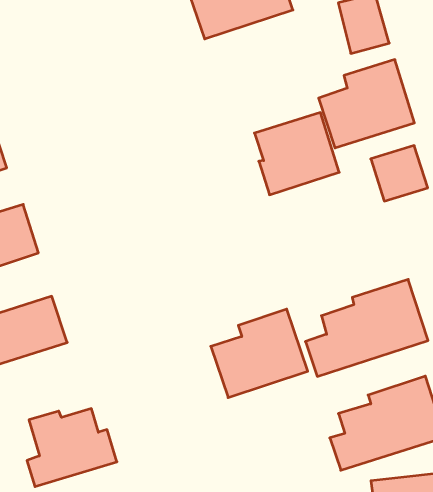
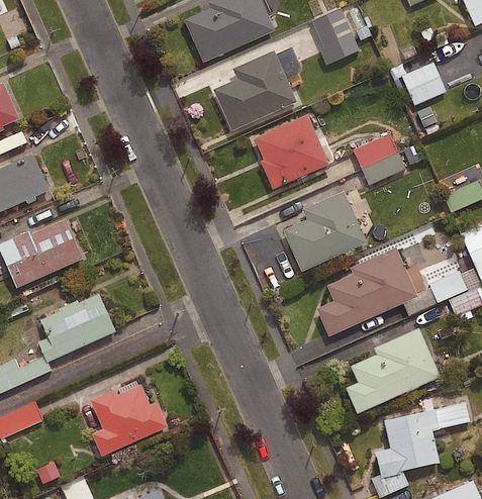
building: [319,60,414,148] -> [213,51,296,130]
building: [211,309,308,398] -> [282,192,366,272]

